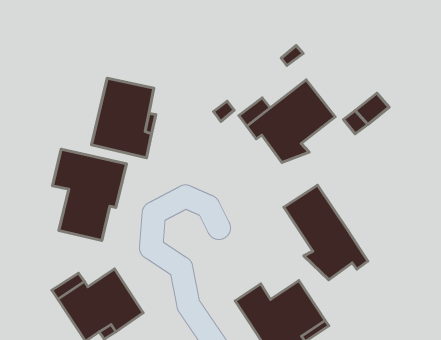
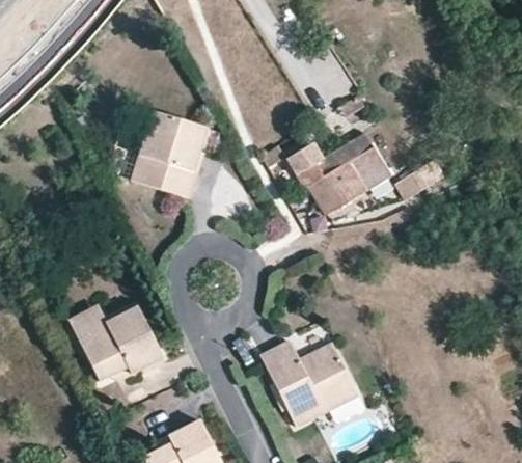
building: [52,149,126,240] -> none
building: [284,185,368,280] -> none

